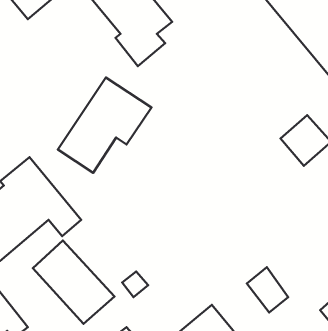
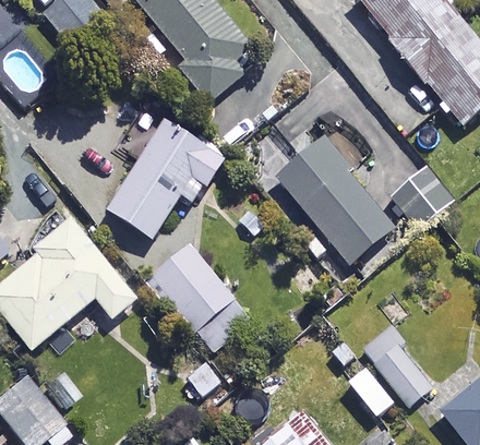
building: none -> [276,136,394,262]
building: [33,241,114,324] -> [148,245,252,351]
building: none -> [364,328,433,404]

